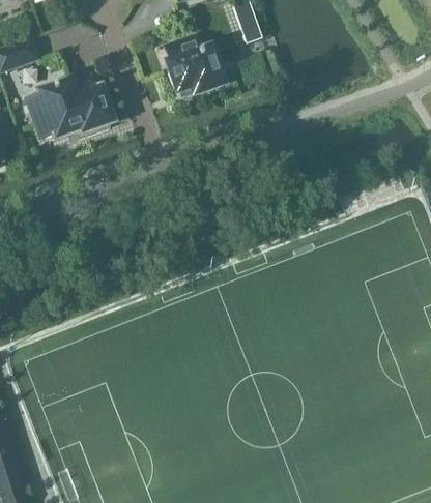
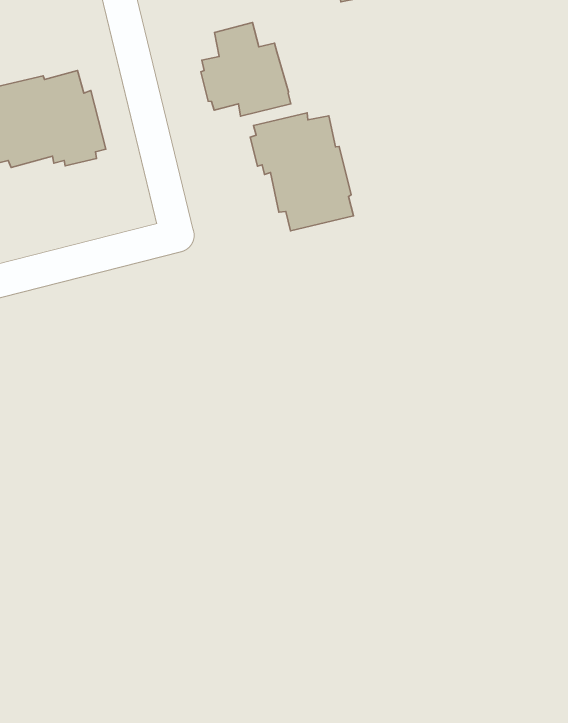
building: none -> [250,113,354,231]

